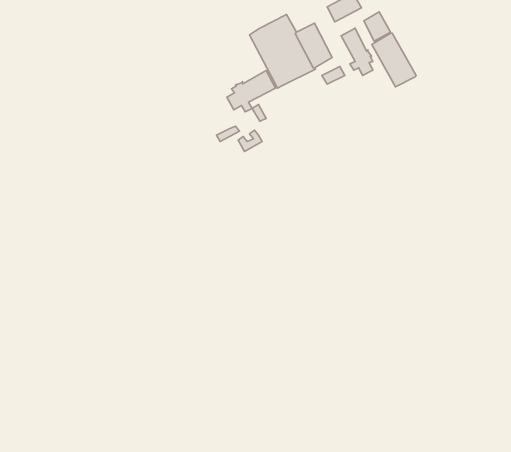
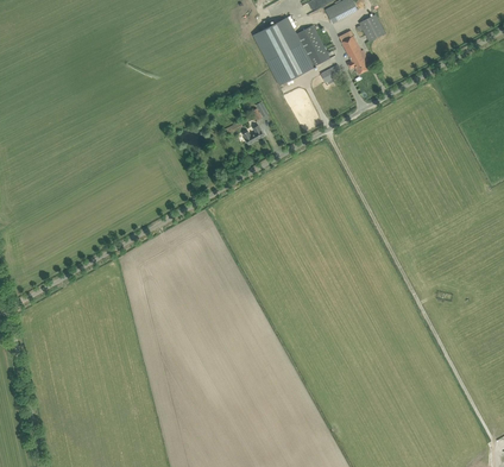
building: [372,33,416,87] -> none
building: [227,70,275,112] -> none

